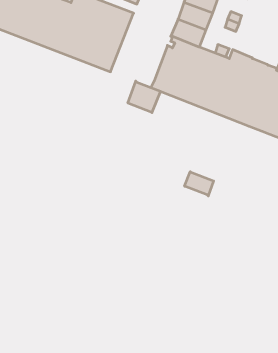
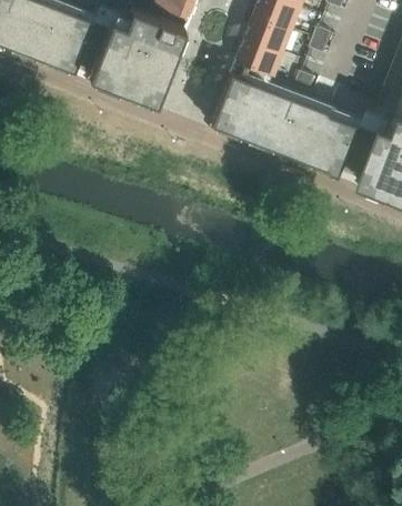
building: [128,81,160,113] -> none
building: [185,172,214,196] -> none

